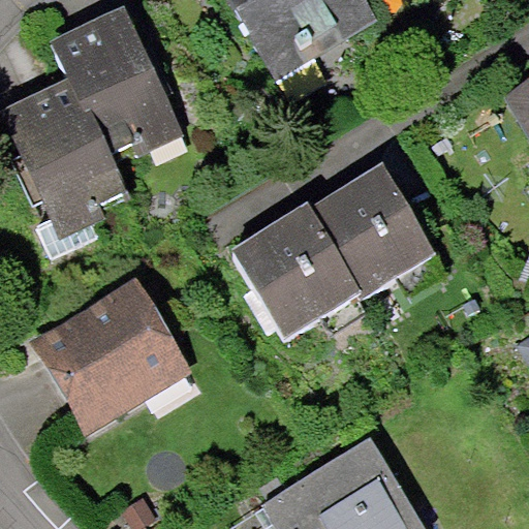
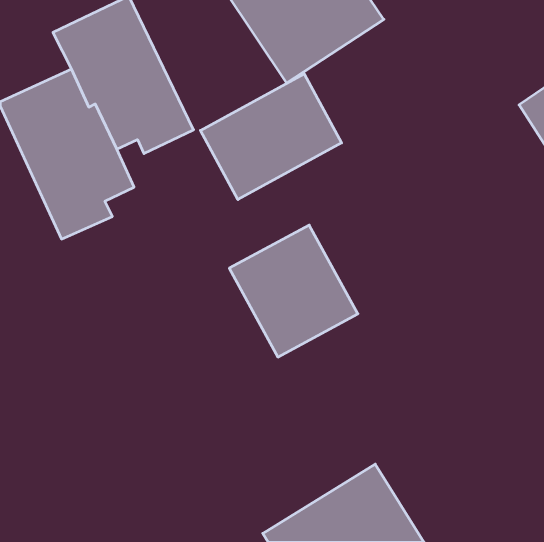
building: none -> [200,74,342,200]
building: [304,175,424,300] -> none
building: [28,287,186,437] -> none

